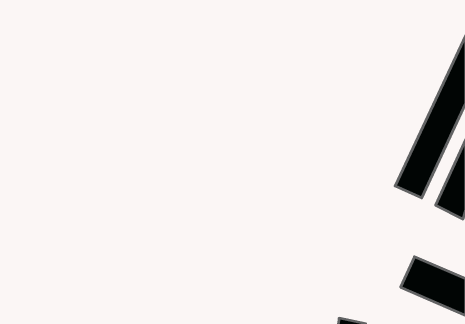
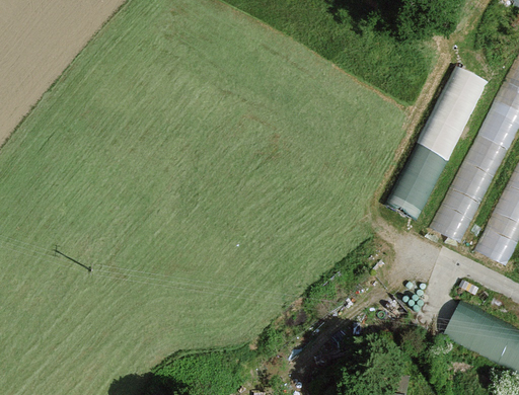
building: none -> [388,62,488,217]

